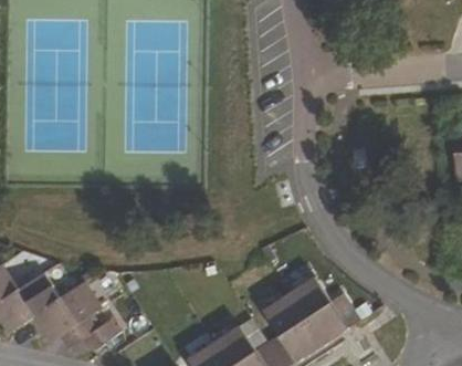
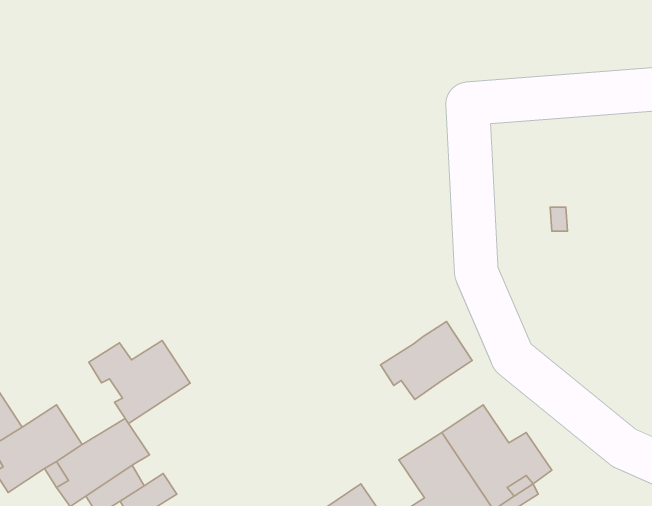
building: none -> [380,322,472,400]
building: none -> [89,340,190,424]

